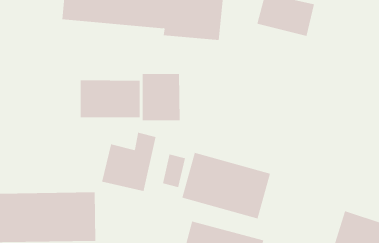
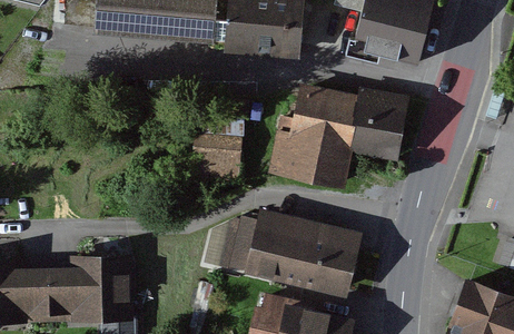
building: none -> [278,78,397,189]
building: [80,79,140,118] -> none
building: [102,132,156,192] -> none

